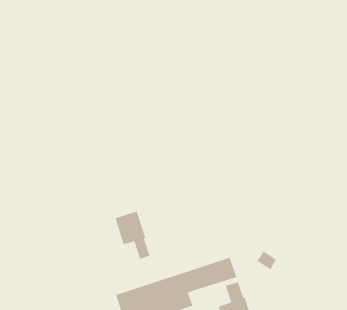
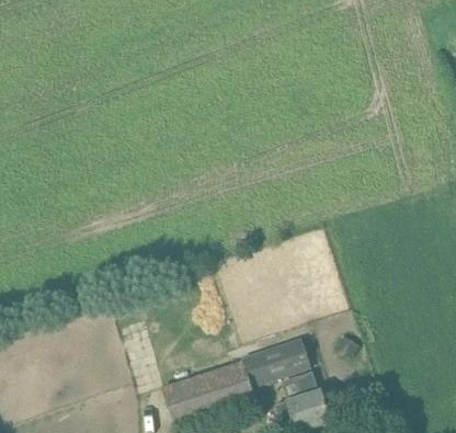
building: [114,210,151,260] -> none

